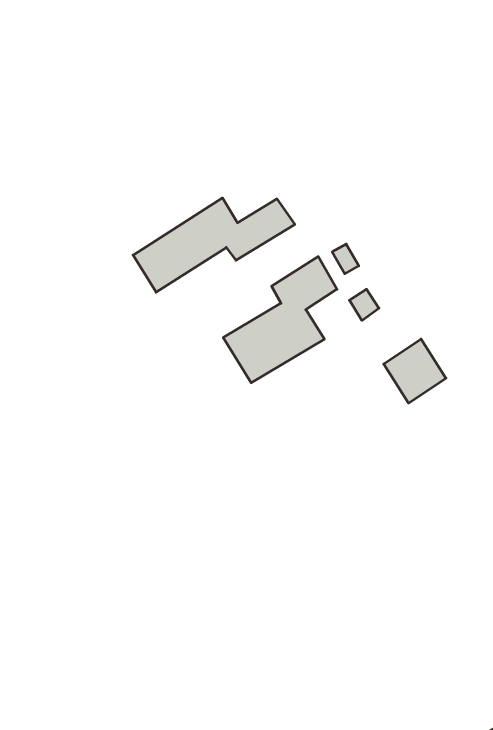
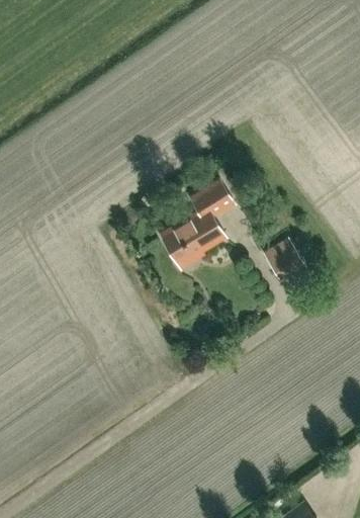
building: [133,198,295,292] -> none

